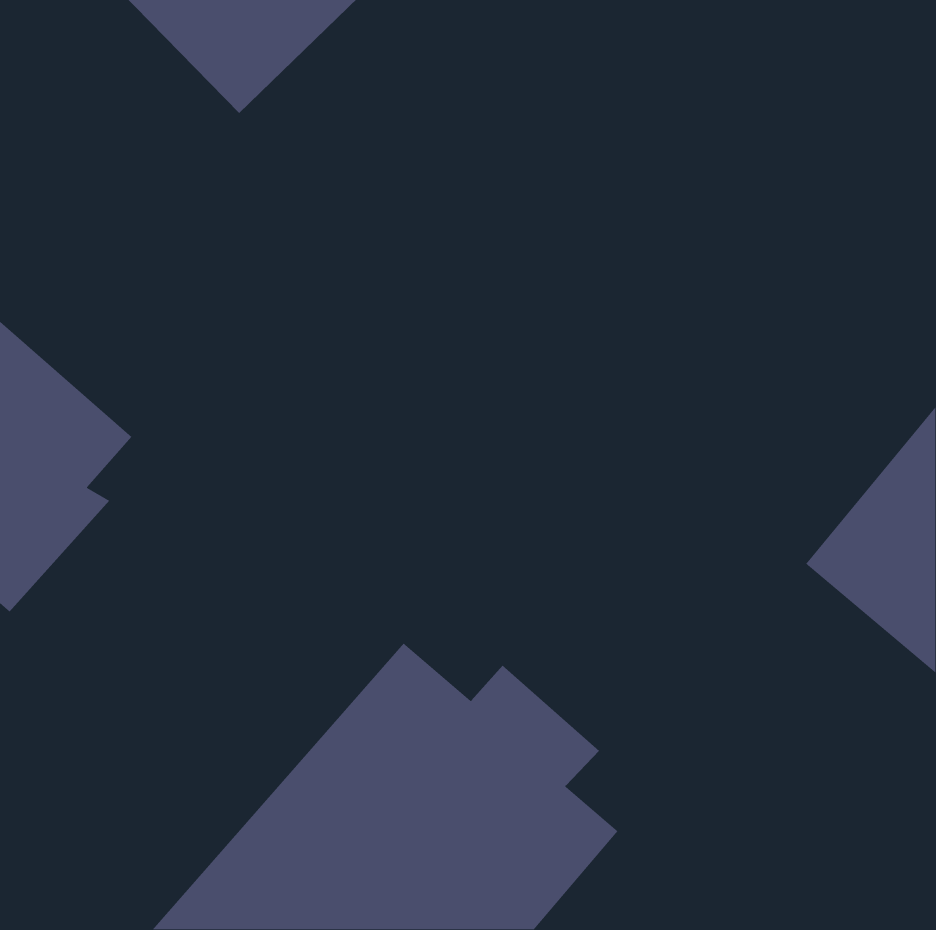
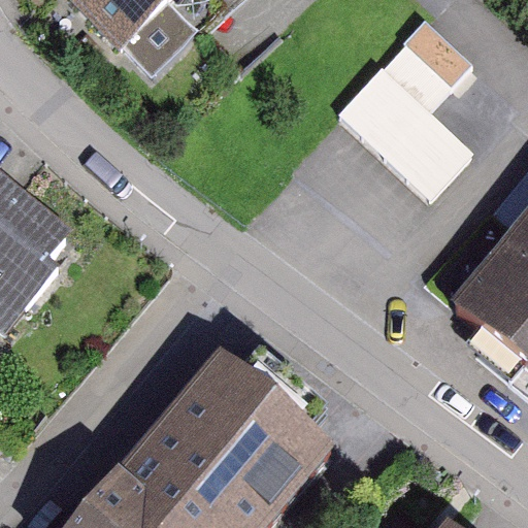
building: none -> [337,38,472,196]

